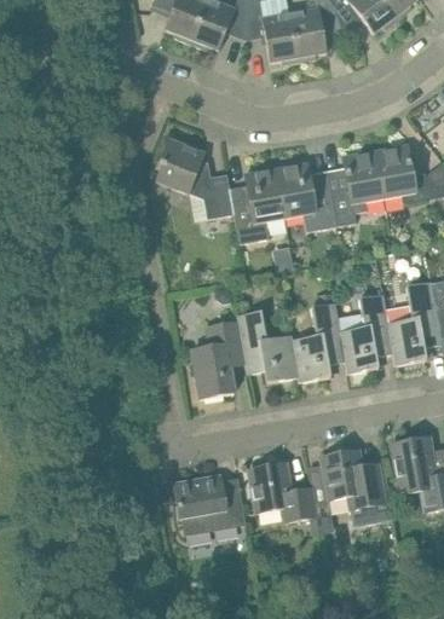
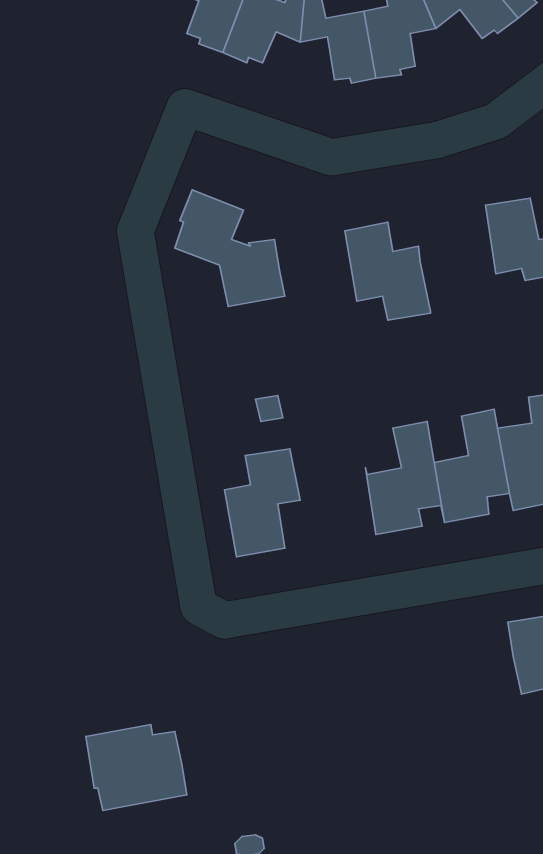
building: [330,149,384,224] -> none
building: [231,167,286,242] -> none
building: [237,310,299,381] -> none
building: [322,450,388,525] -> none
building: [249,462,318,521] -> none
building: [174,473,246,533] -> [86,725,187,810]

